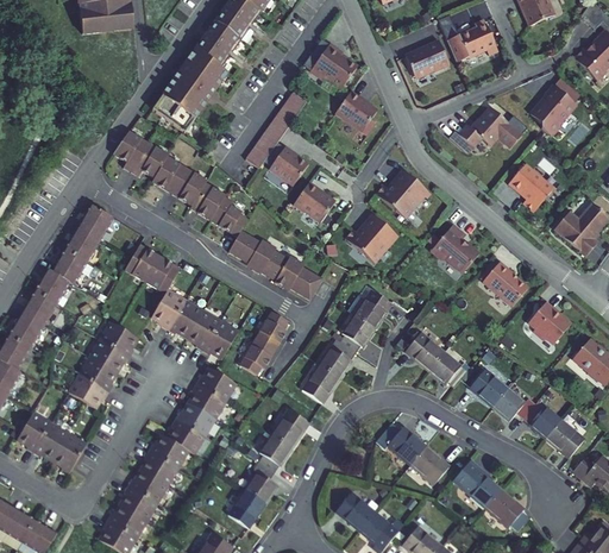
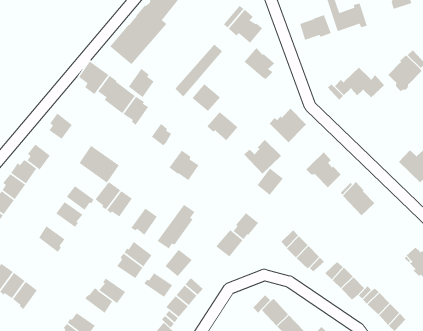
building: [508,163,553,210] -> none
building: [197,184,233,225] -> [128,68,155,98]
building: [64,228,100,262] -> none
building: [228,230,260,262] -> none
building: [274,254,321,299] -> none
building: [356,289,391,327] -> [257,168,284,196]
building: [528,301,571,343] -> none
building: [187,309,220,350] -> none
building: [89,339,128,372] -> [66,185,95,211]
building: [302,364,339,402] -> [165,249,193,277]
building: [69,373,108,407] -> none
building: [175,402,215,435] -> [143,272,173,298]
building: [140,450,178,484] -> none

